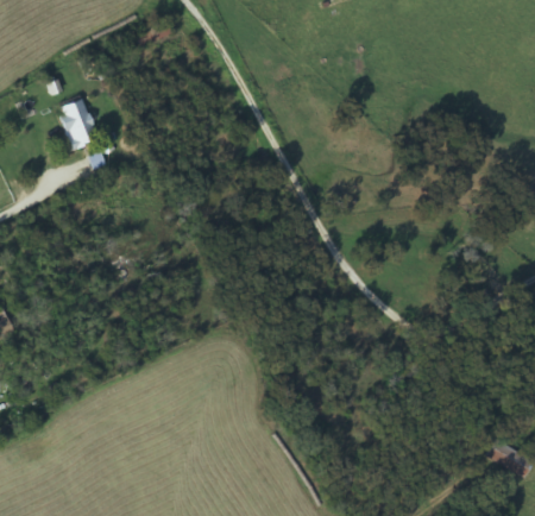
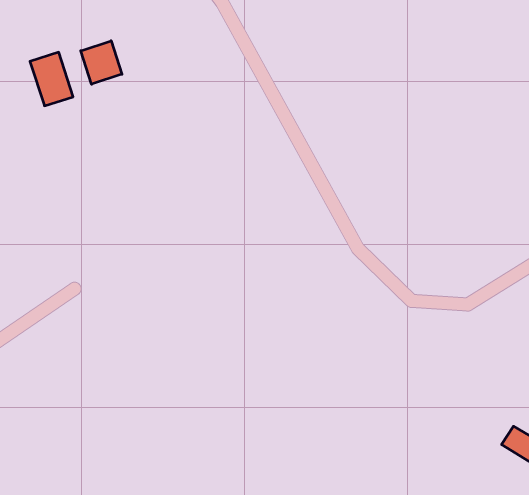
building: none -> [81,41,122,84]

